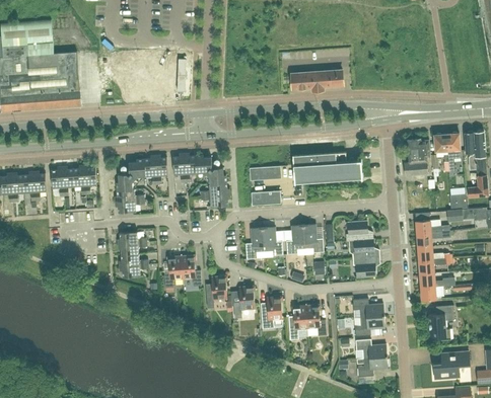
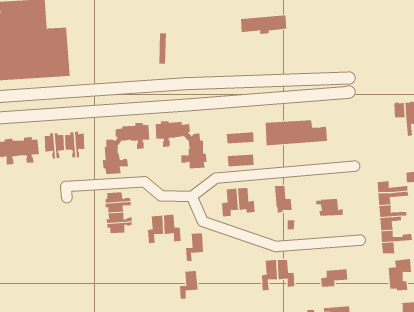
building: [291,70,343,91] -> [240,15,287,34]
building: [404,139,430,176] -> none
building: [346,221,373,241] -> none
building: [286,225,305,254] -> none
building: [353,257,380,277] -> none
building: [233,287,255,318] -> [179,271,198,299]
building: [262,297,282,329] -> none
building: [353,299,383,318] -> none
building: [355,339,387,359] -> none

